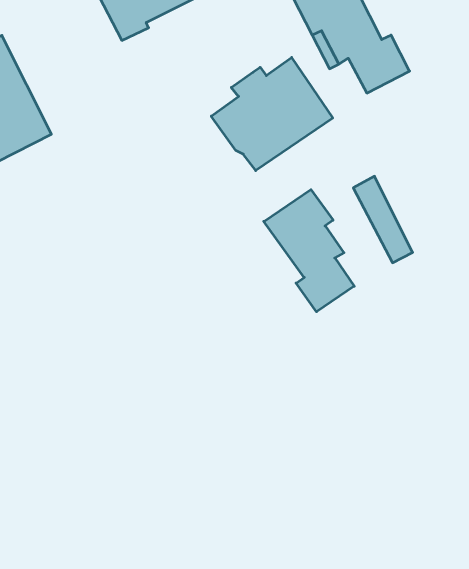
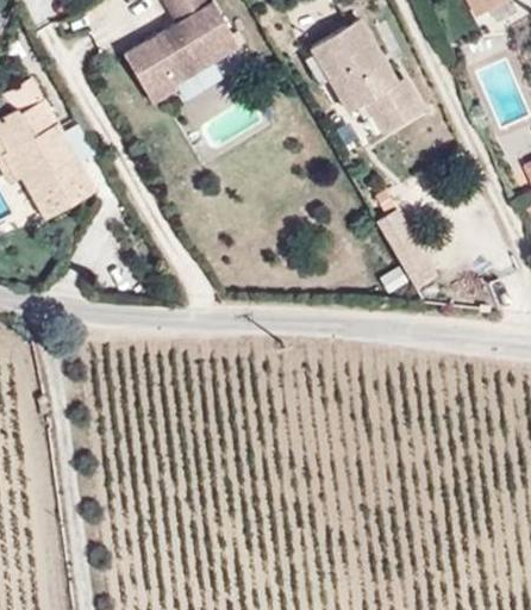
building: [211,57,333,171] -> none
building: [264,190,354,312] -> none

